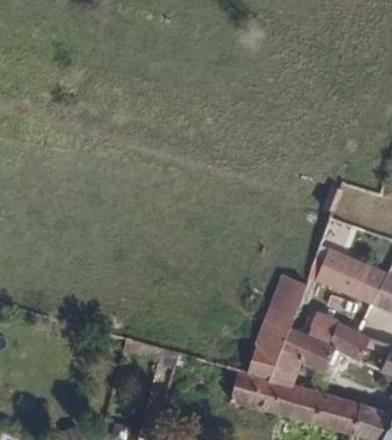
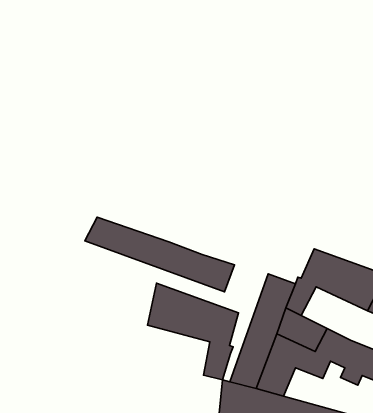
building: none -> [85,217,234,292]
building: none -> [148,283,239,380]

